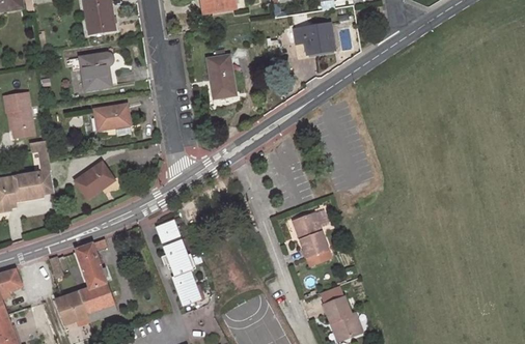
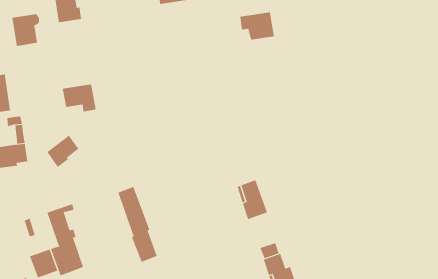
building: [208,50,236,96] -> none
building: [80,53,112,90] -> [11,14,40,47]

